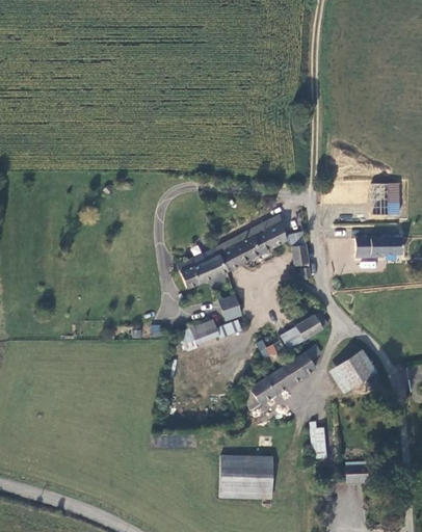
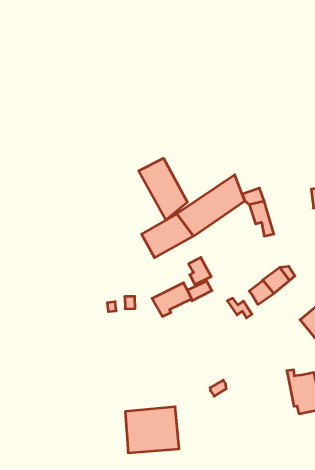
building: none -> [139,158,187,220]
building: [240,343,323,408] -> none
building: [219,454,273,499] -> [125,407,179,453]

